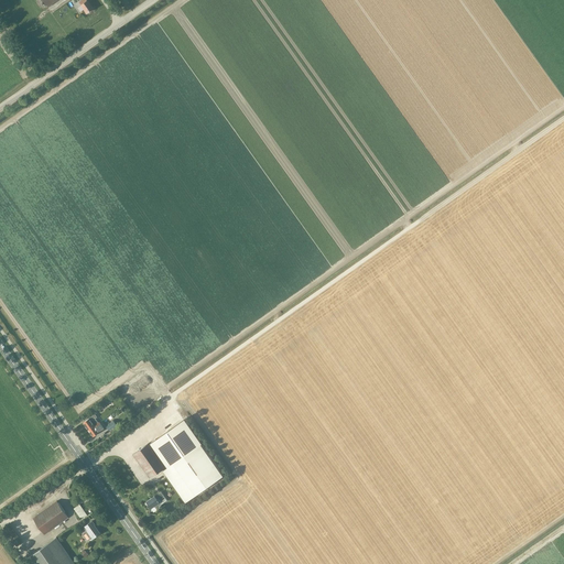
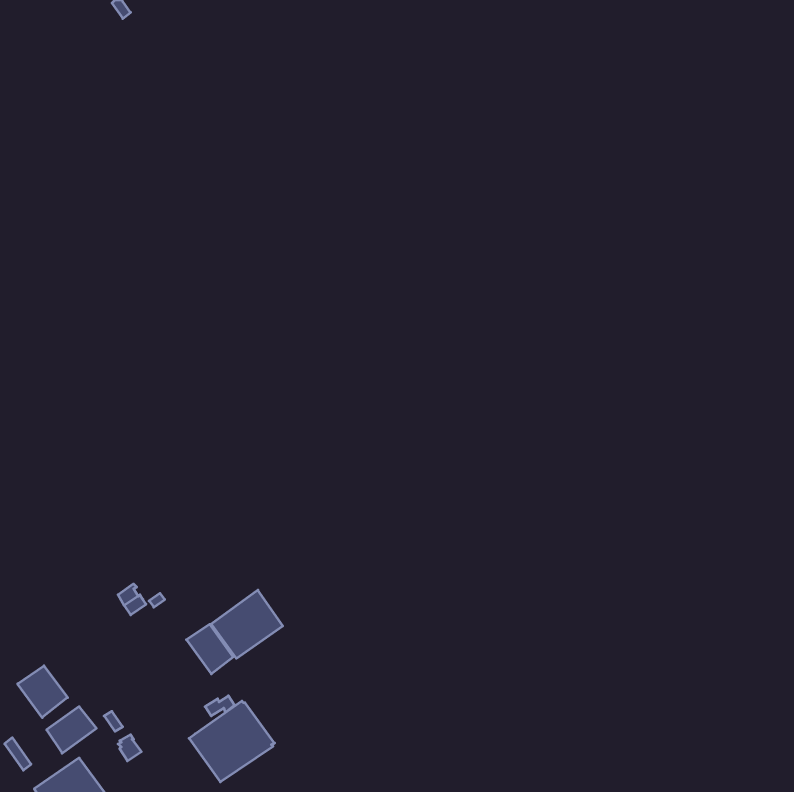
building: [163,445,224,502] -> [189,701,275,782]
building: none -> [18,666,68,718]

